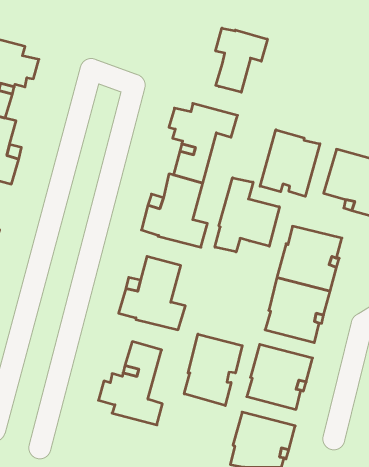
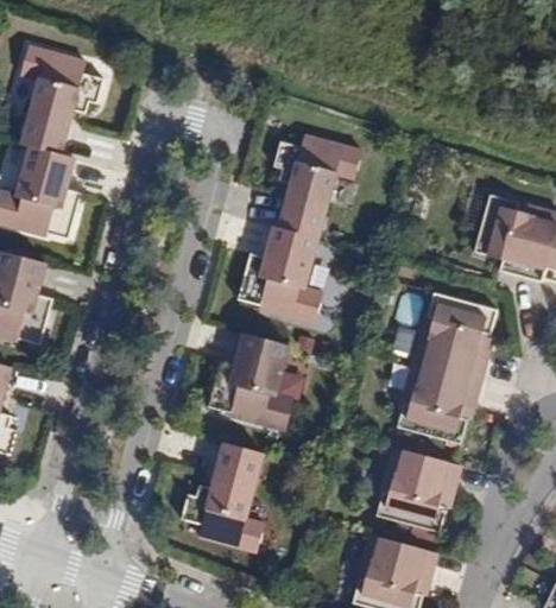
building: [216,28,267,92] -> none
building: [260,130,320,196] -> none
building: [215,178,279,252] -> none
building: [184,334,242,406] -> none

